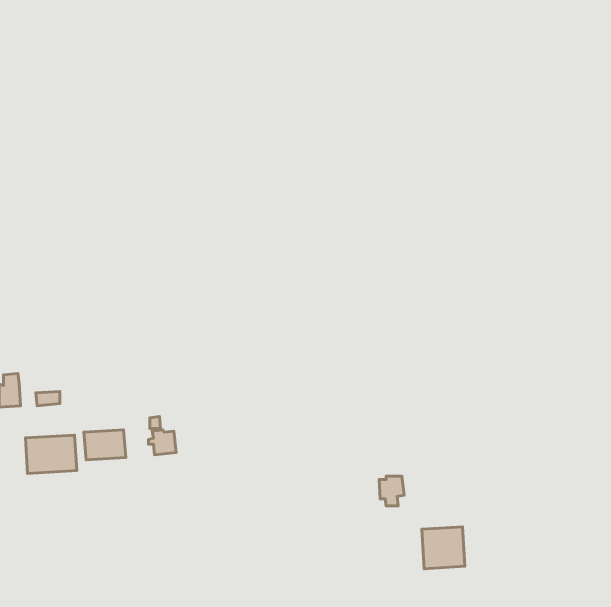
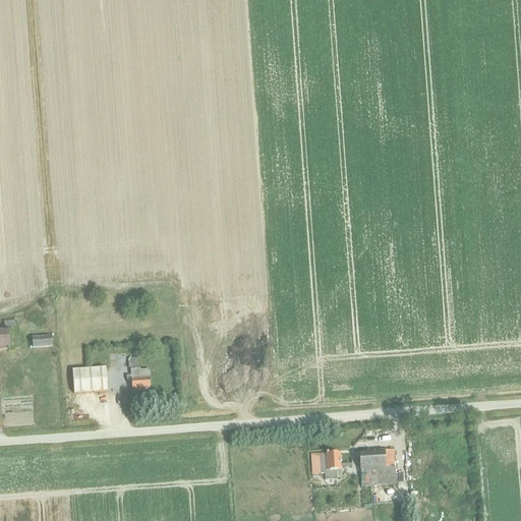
building: [25,435,77,474] -> none
building: [379,476,404,506] -> [319,451,340,476]

